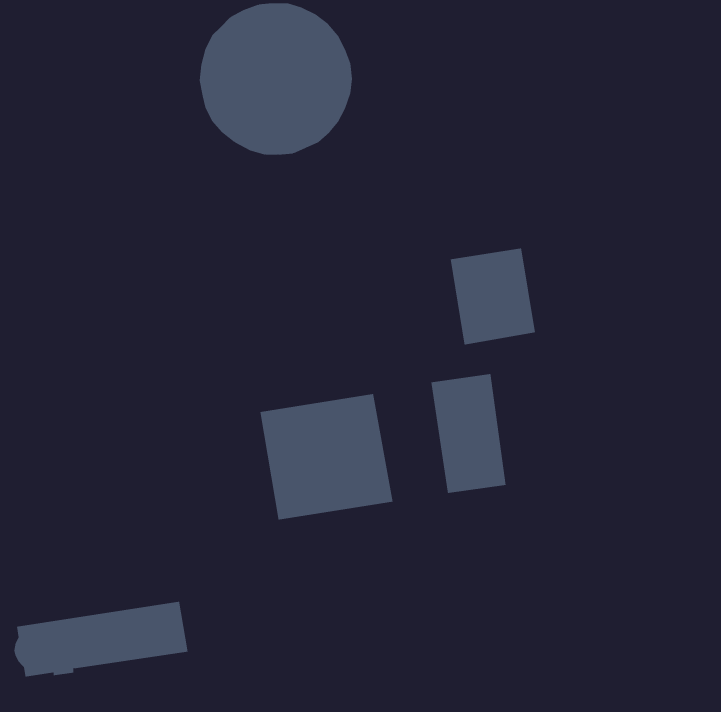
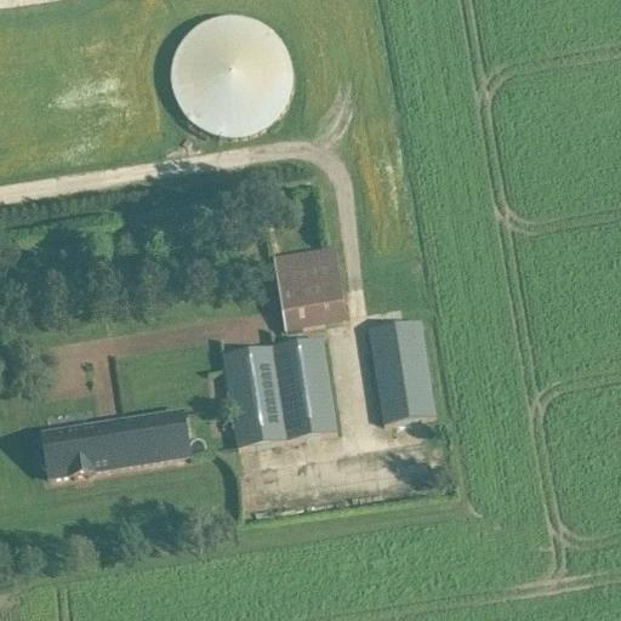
building: [450,248,536,345] -> [273,246,347,330]
building: [13,601,188,677] -> [40,411,190,477]

